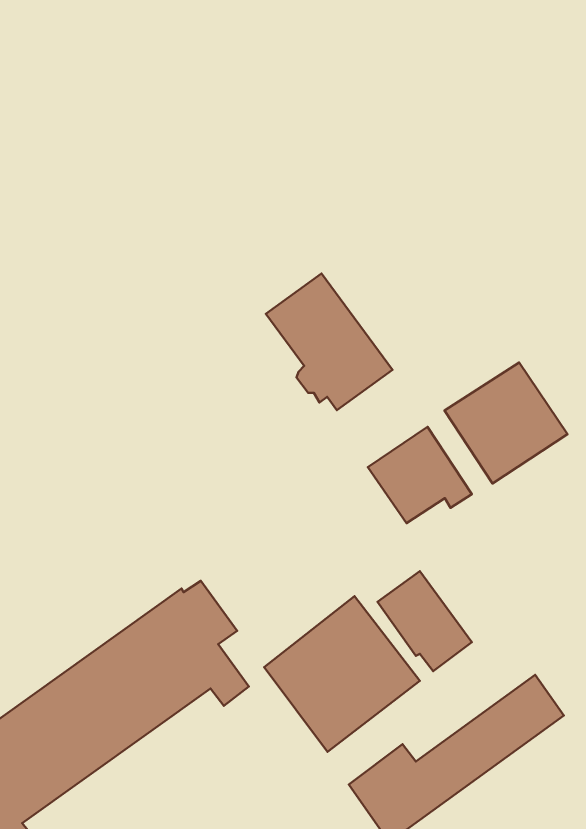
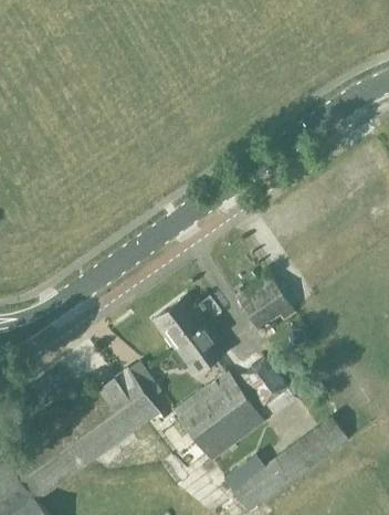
building: [266,274,393,410] -> [154,296,227,375]
building: [444,362,568,484] -> none

